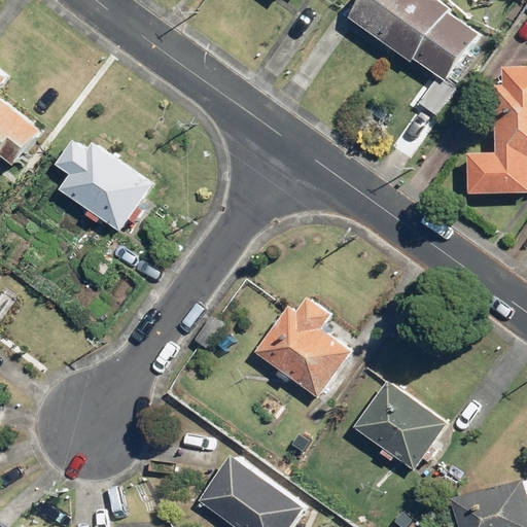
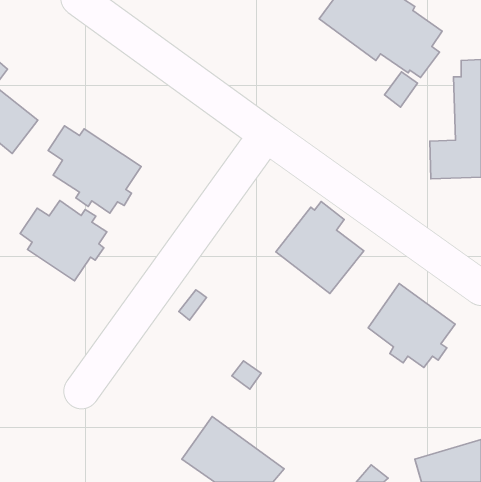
building: none -> [20,201,107,281]
building: [256,296,352,396] -> [276,202,364,293]
building: [353,379,448,470] -> [368,283,455,368]

